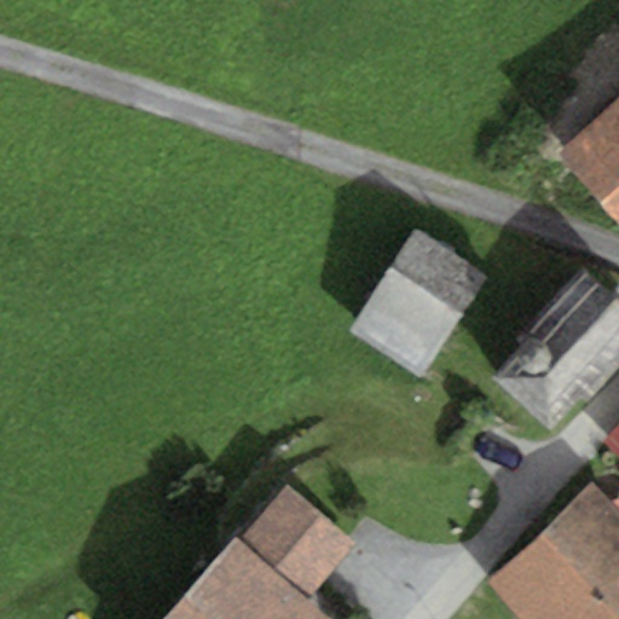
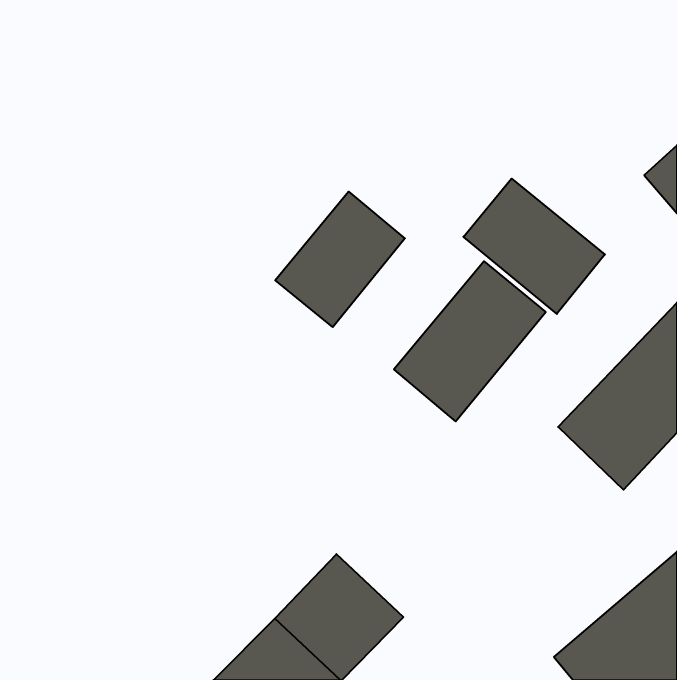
building: none -> [463,179,605,314]
building: none -> [275,192,405,327]

